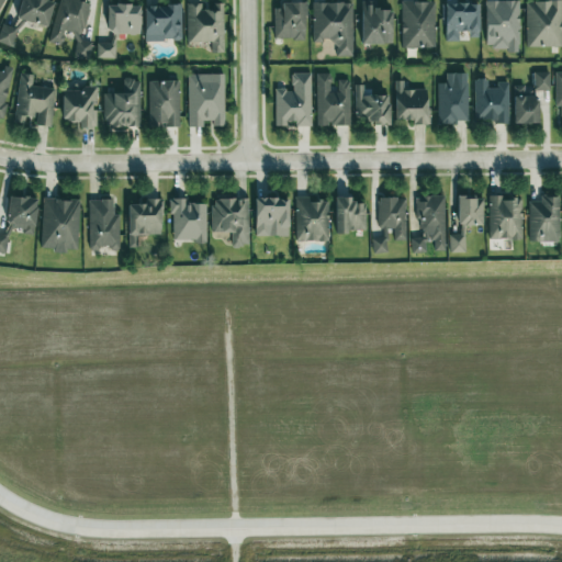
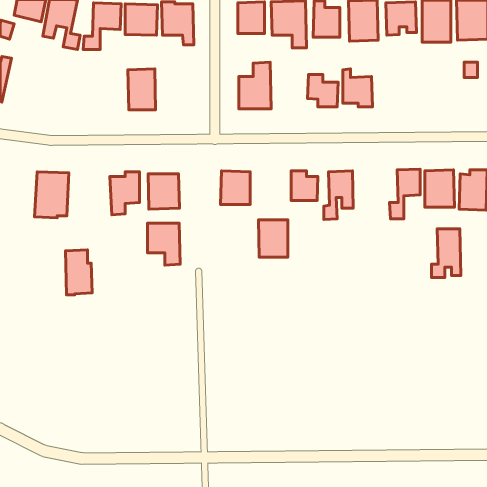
building: [15,72,56,126] -> none
building: [188,72,225,125] -> none
building: [317,72,350,124] -> none
building: [104,78,140,126] -> none
building: [475,78,509,121] -> none
building: [438,81,469,123] -> none
building: [514,85,538,123] -> none
building: [63,88,97,126] -> none
building: [7,194,37,234] -> none
building: [412,195,446,251] -> [431,229,461,278]
building: [89,198,120,249] -> [65,250,92,295]
building: [212,198,249,246] -> [148,223,180,265]
building: [295,198,329,240] -> [258,220,288,257]

